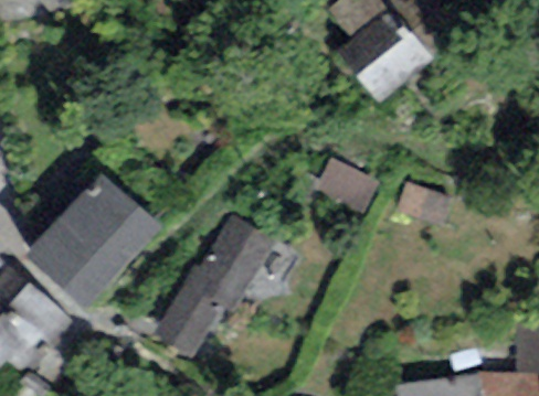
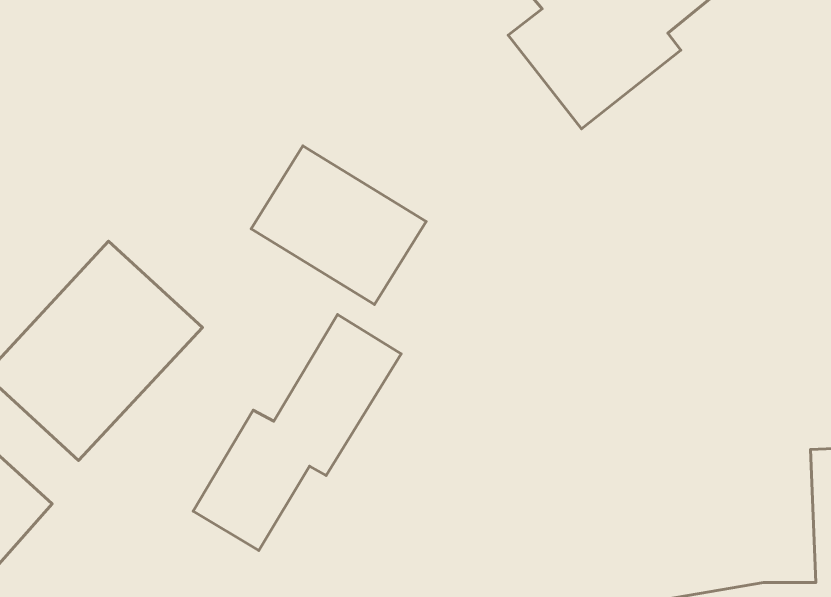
building: none -> [251,146,426,305]

